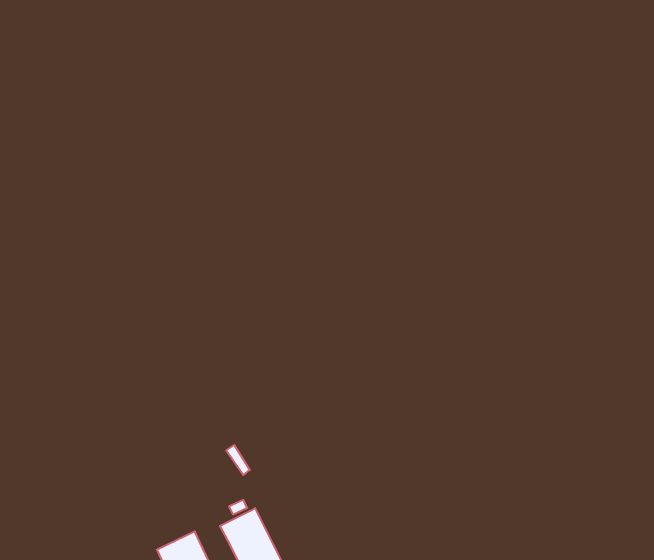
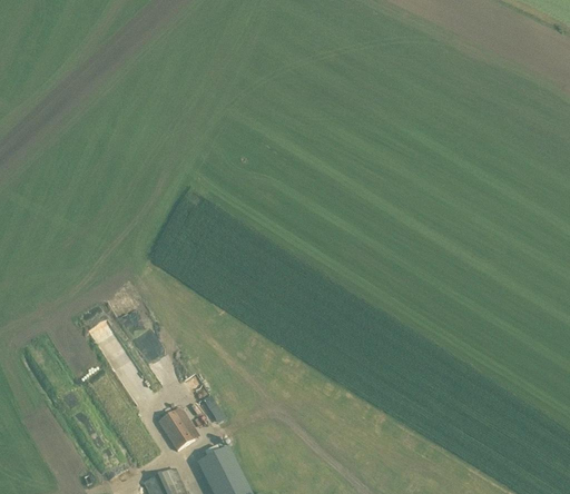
building: none -> [157,405,199,448]

